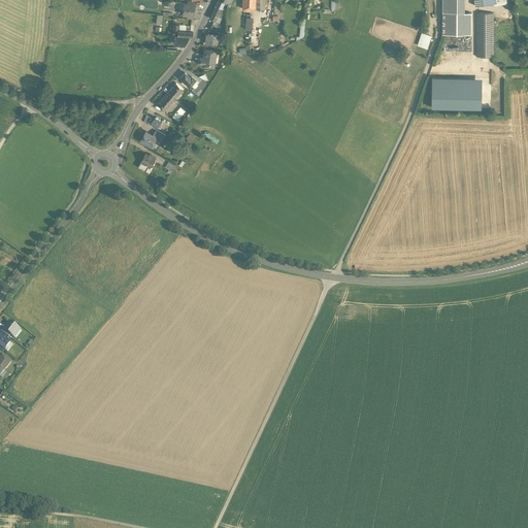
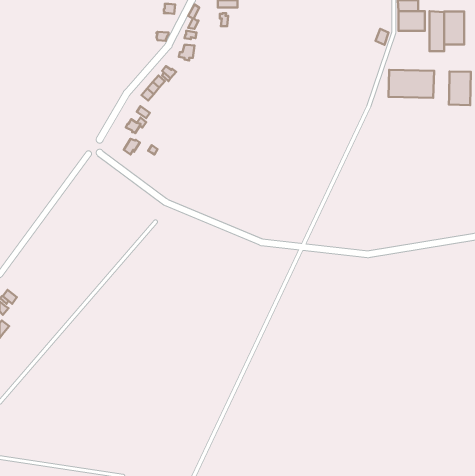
building: none -> [444,11,464,44]
building: none -> [449,72,471,105]

